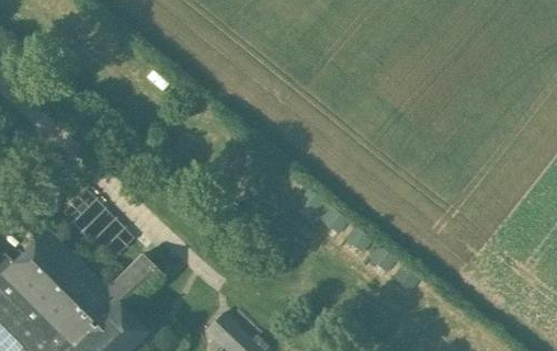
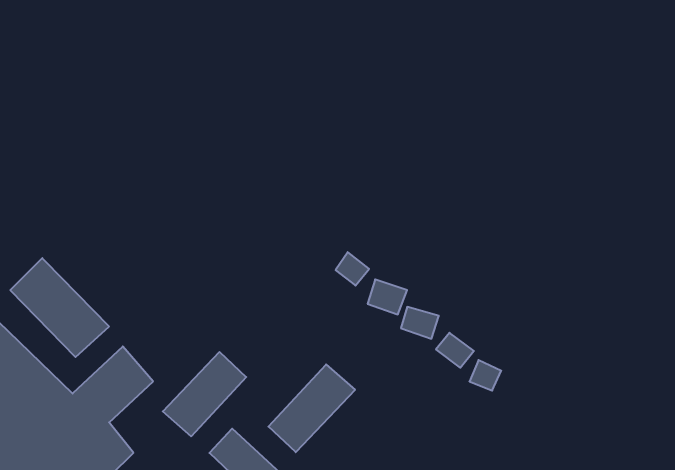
building: none -> [163,352,246,436]
building: none -> [268,364,355,452]

